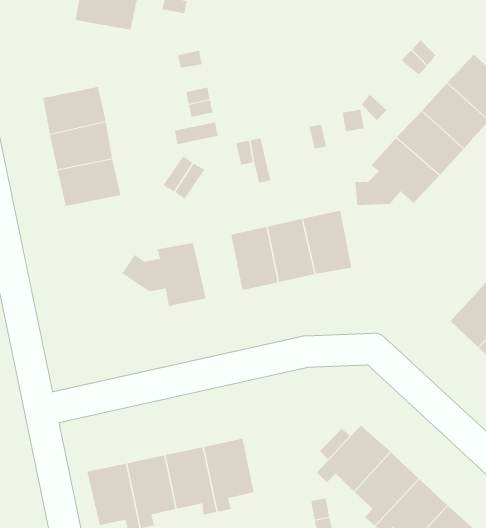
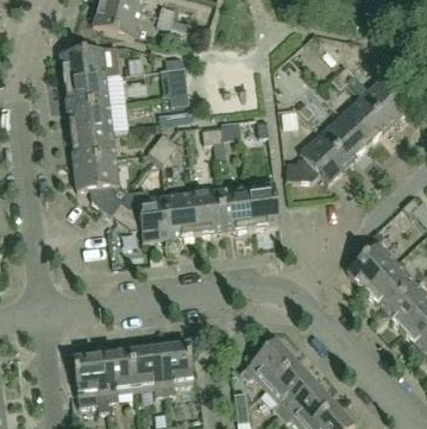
building: none -> [61,48,106,81]
building: none -> [74,157,130,214]
building: none -> [165,193,197,238]

